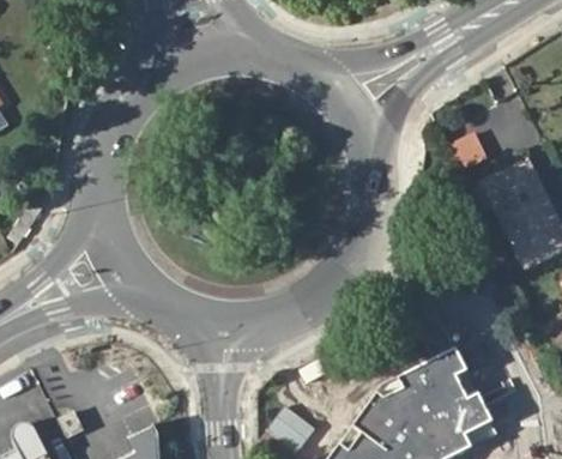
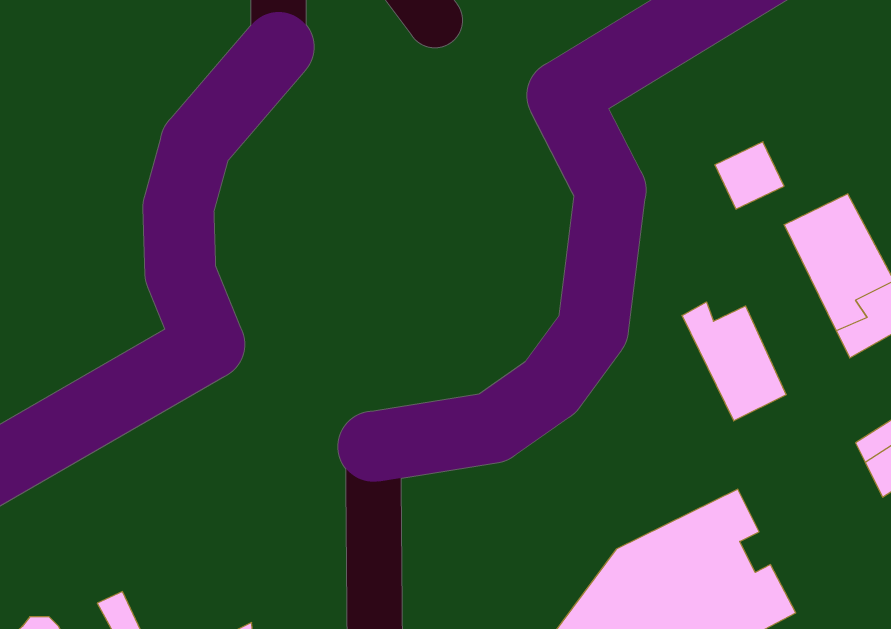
building: none -> [682,302,786,421]

